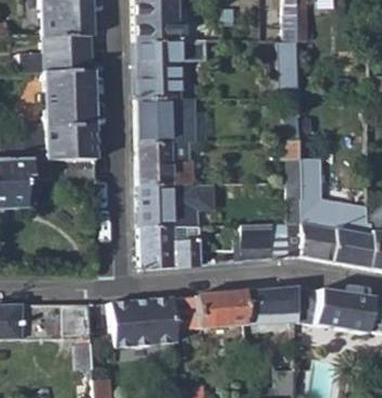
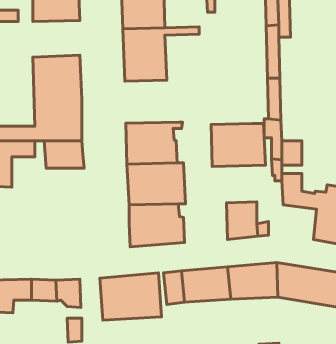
building: [41,35,90,73] -> none
building: [137,97,194,141] -> [211,123,266,166]
building: [301,226,336,262] -> none

